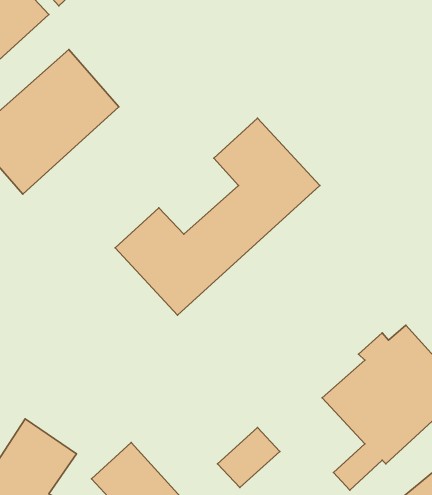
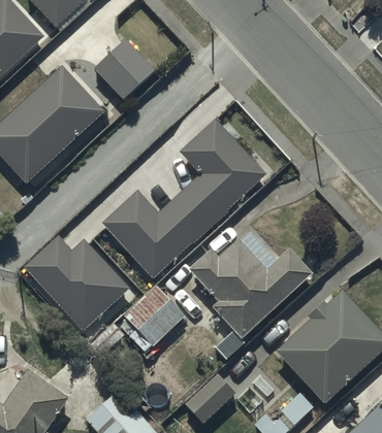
building: none -> [92,36,157,101]
building: none -> [186,231,315,344]
building: none -> [23,237,129,333]
building: none -> [121,285,185,348]

